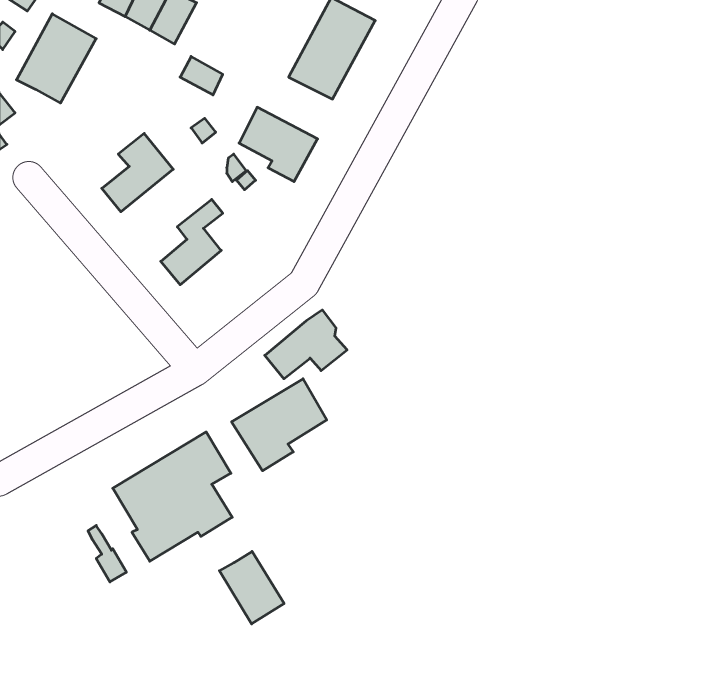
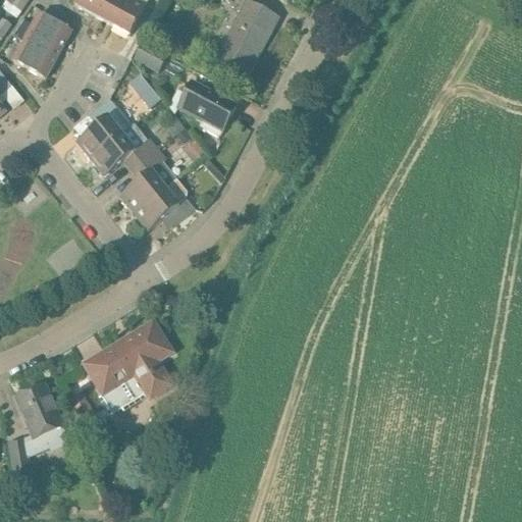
building: none -> [90,122,157,174]
building: [265,310,347,379] -> [134,177,195,228]
building: [232,379,327,471] -> none
building: none -> [9,382,69,474]
building: [219,551,284,624] -> none

